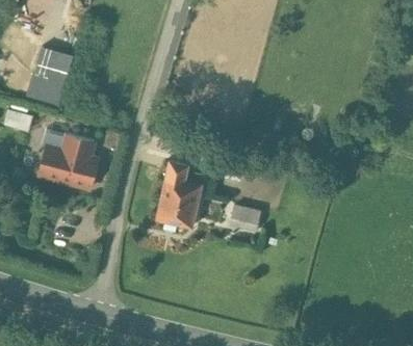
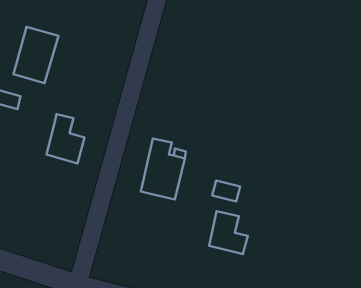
building: [37,140,69,178] -> none
building: none -> [209,211,248,254]

